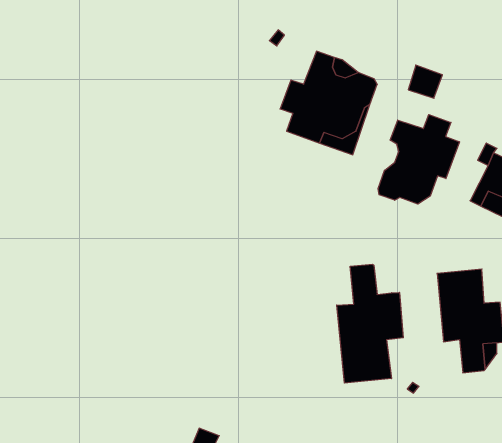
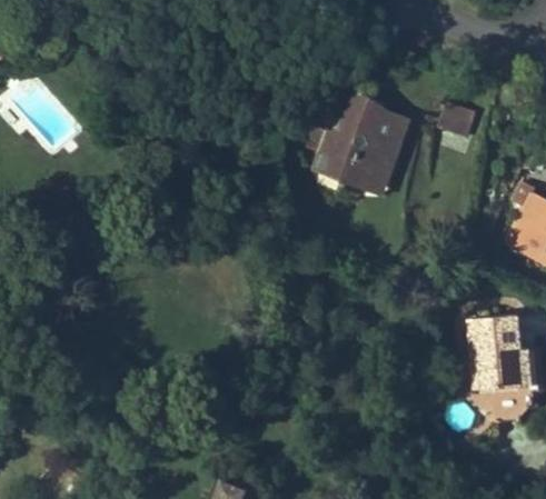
building: [378,115,459,204] -> none
building: [337,264,403,383] -> none

